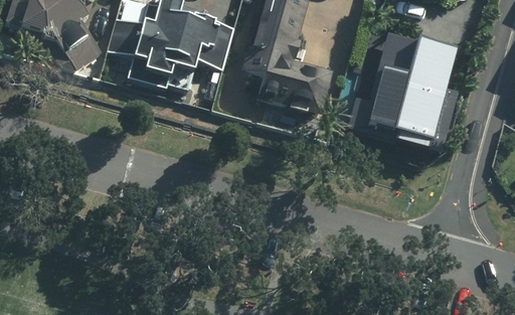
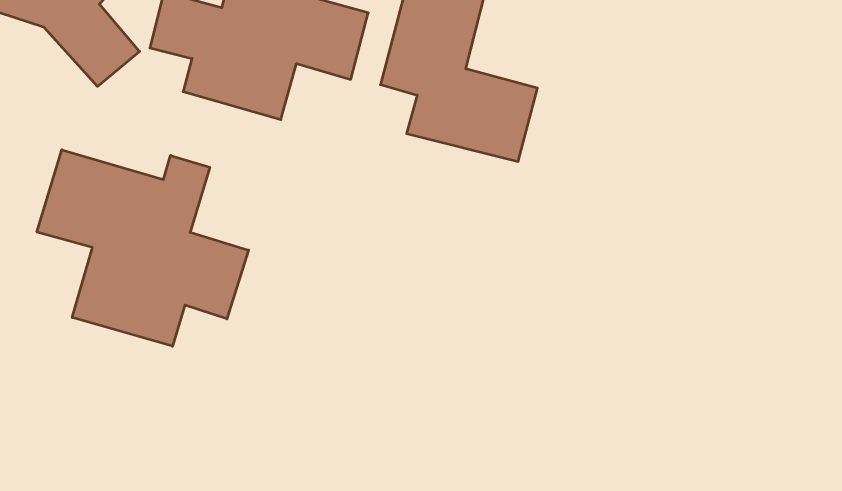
building: [347,36,459,152] -> none
building: none -> [37,150,249,346]

